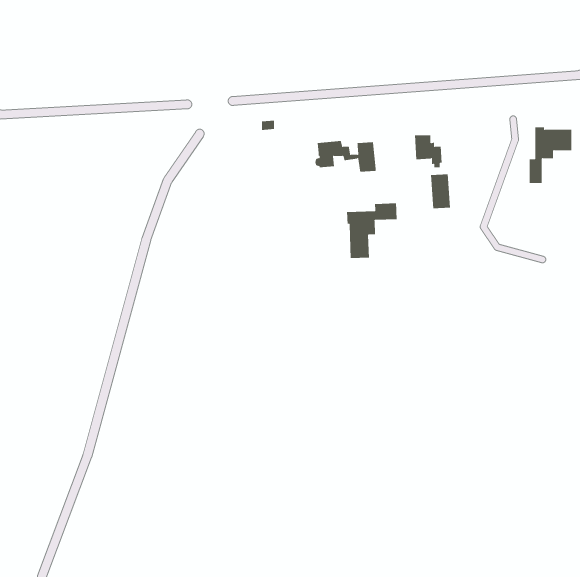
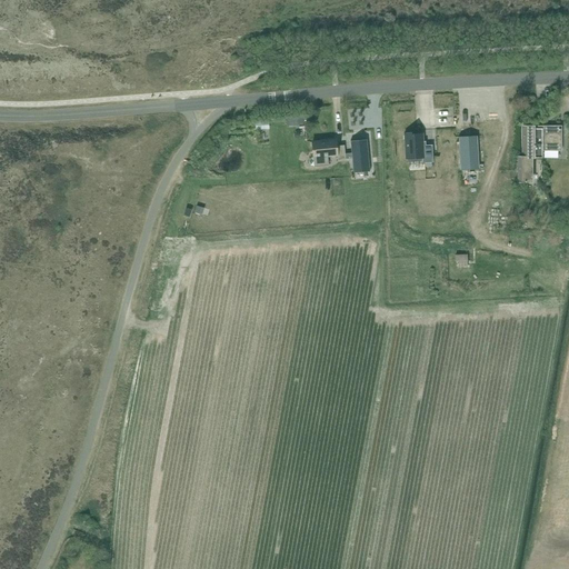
building: [430,174,451,209] -> [459,133,479,168]
building: [347,203,397,259] -> none

